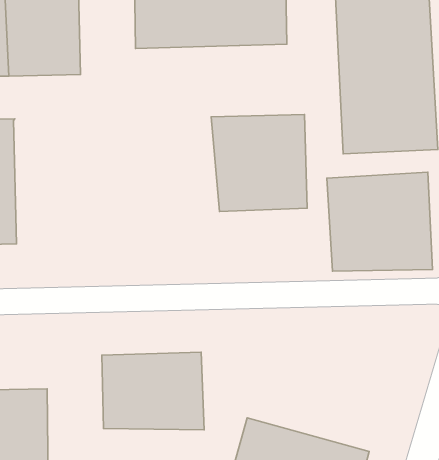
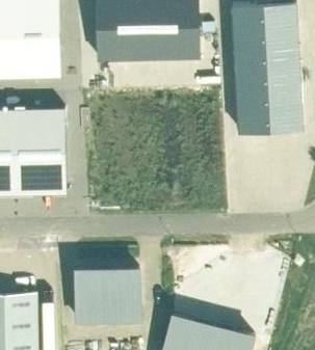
building: [211,115,307,212] -> none
building: none -> [14,109,67,194]
building: [327,172,432,271] -> none

